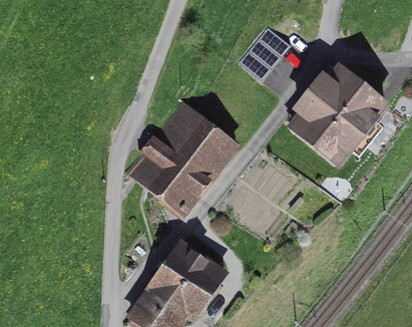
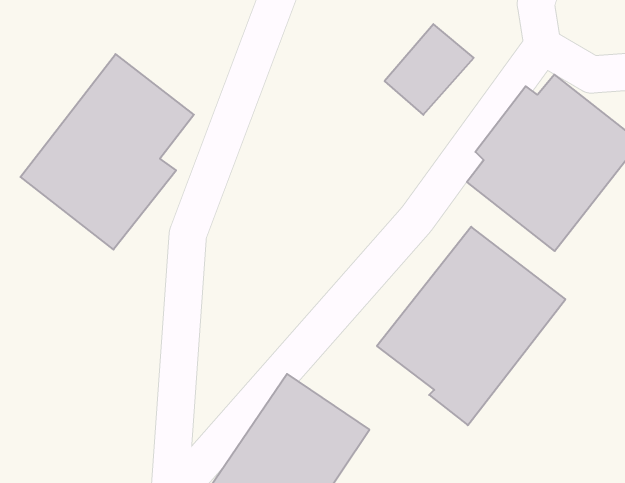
building: none -> [20,54,194,250]
building: [127,101,240,220] -> [377,227,565,425]

